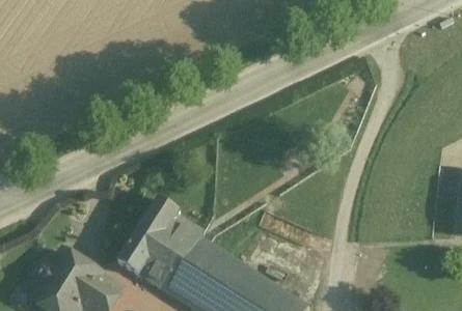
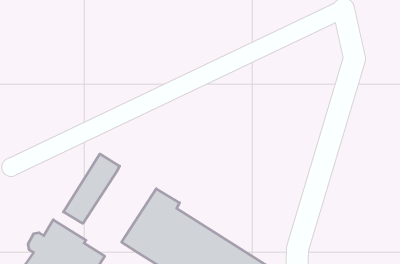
building: [117,197,180,274] -> [63,154,120,223]

